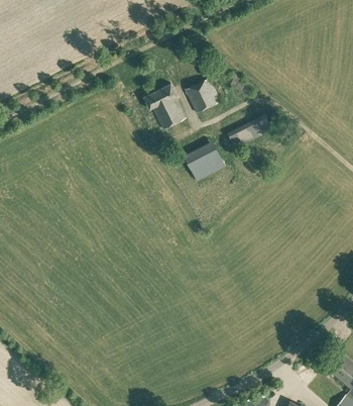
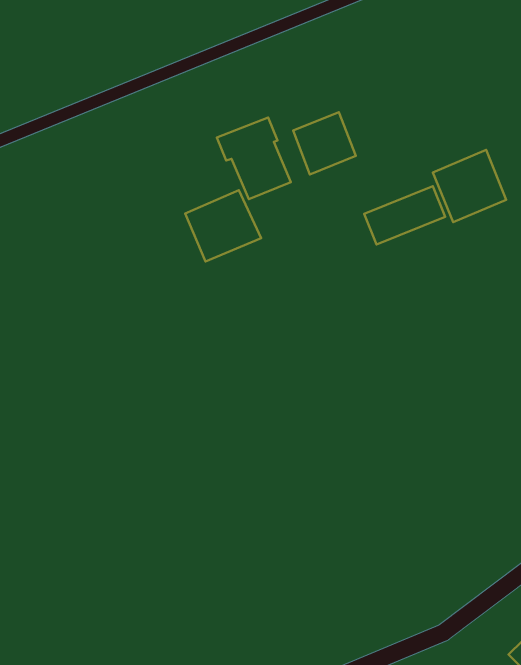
building: none -> [433,150,506,222]
building: [184,140,226,181] -> [185,190,261,261]

